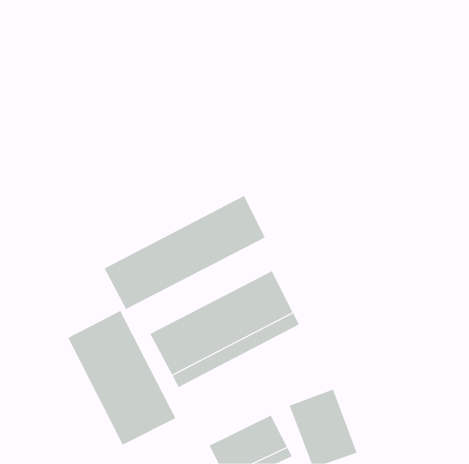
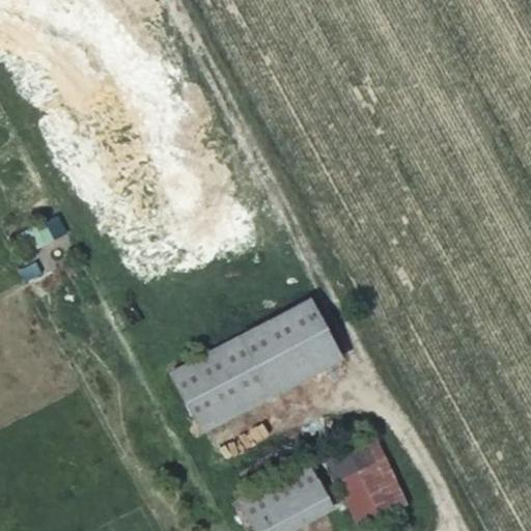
building: [104,195,265,310] -> none
building: [68,310,176,446] -> none

